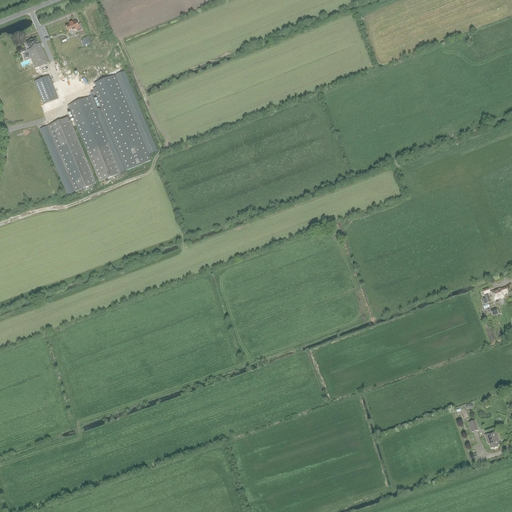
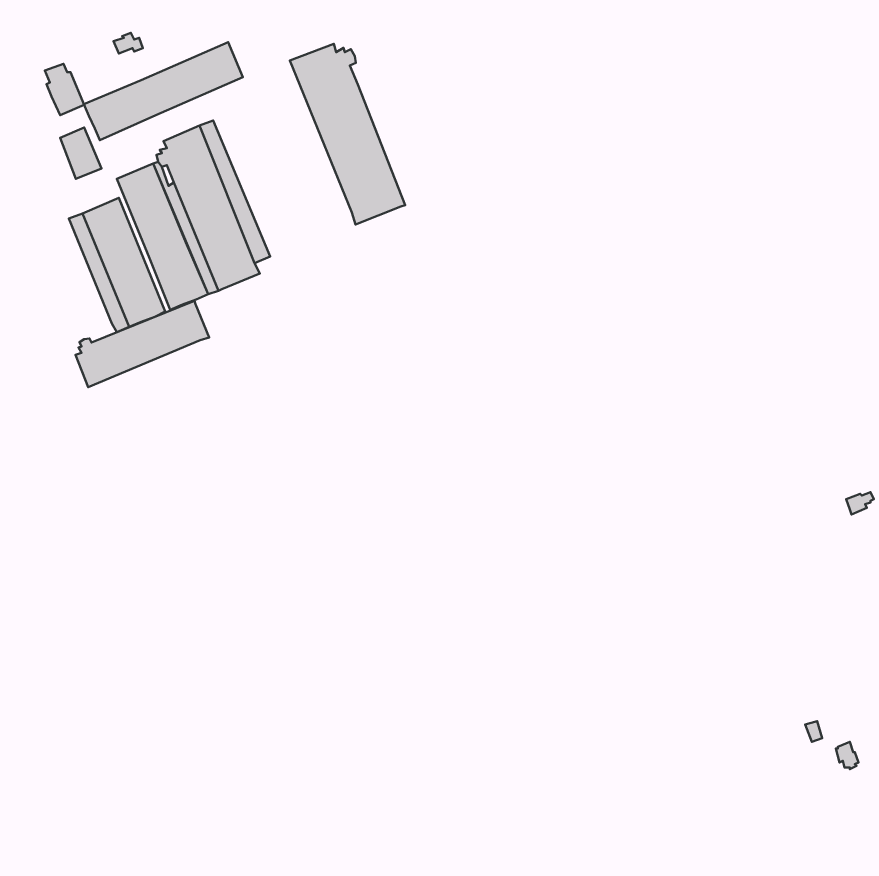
building: none -> [84,42,243,140]
building: none -> [290,44,405,225]
building: none -> [76,301,209,387]

